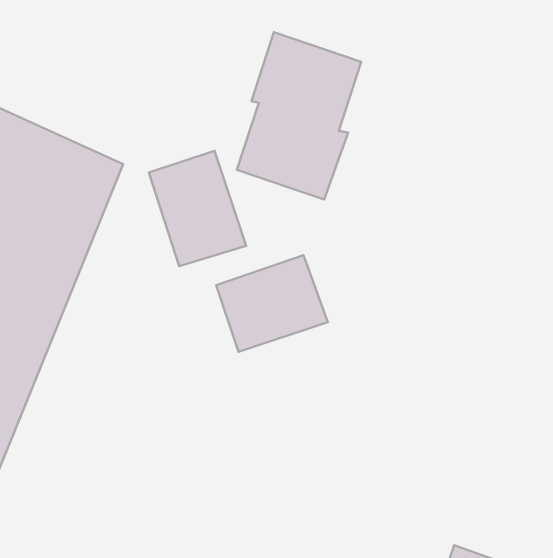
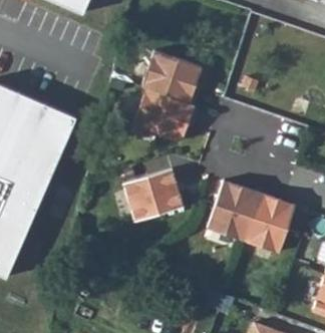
building: [149,151,246,266] -> none
building: none -> [208,177,297,249]

